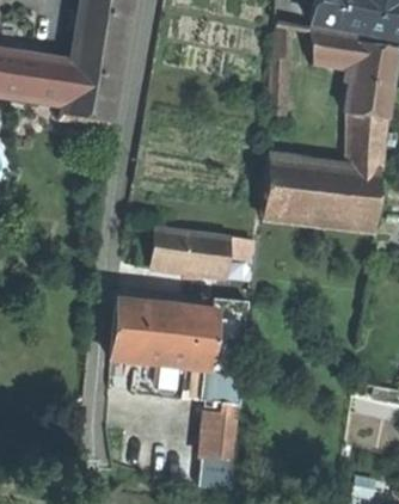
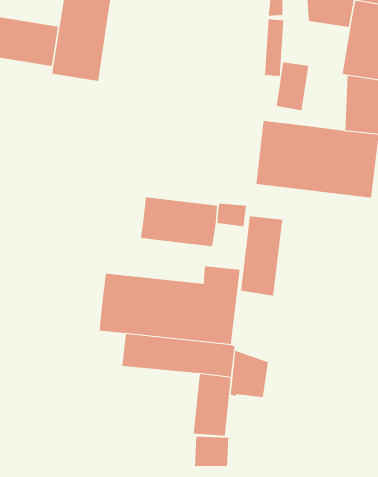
building: none -> [276,62,309,111]
building: none -> [241,216,283,296]
building: none -> [230,350,269,398]

